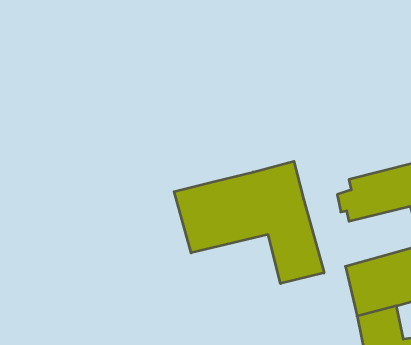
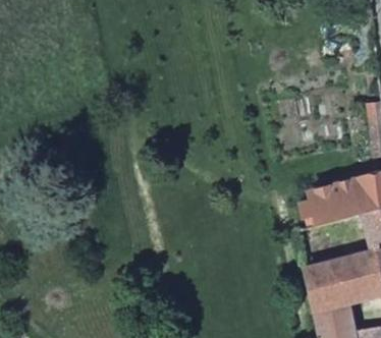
building: [174,161,324,284] -> none

